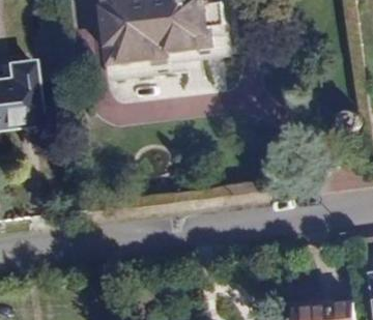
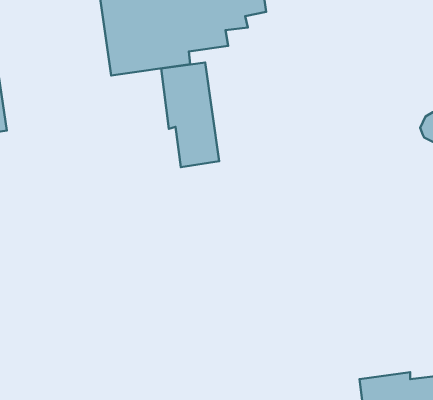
building: none -> [161,62,219,167]

